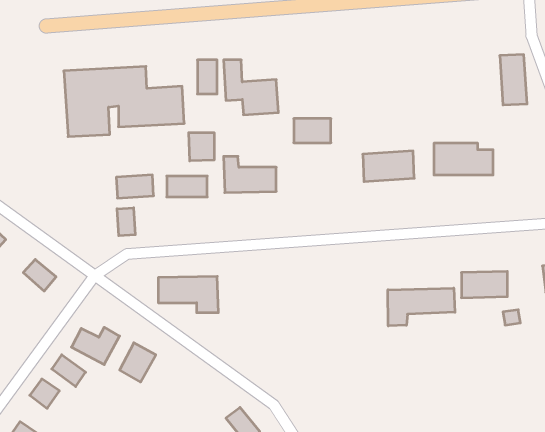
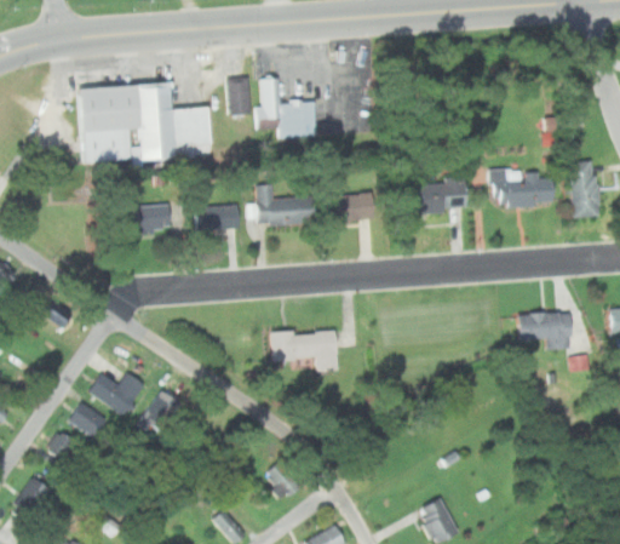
building: [500,55,527,105] -> [569,160,599,216]
building: [294,119,331,143] -> [333,193,374,219]
building: [189,133,214,161] -> none
building: [117,208,135,236] -> none
building: [158,276,218,313] -> [270,331,337,371]
building: [388,288,455,326] -> none

